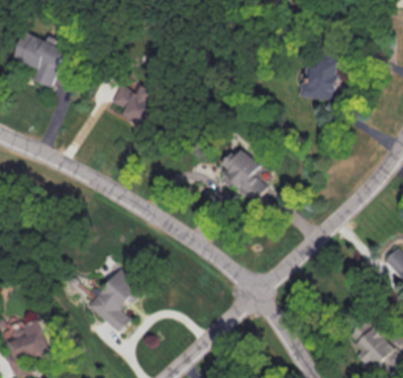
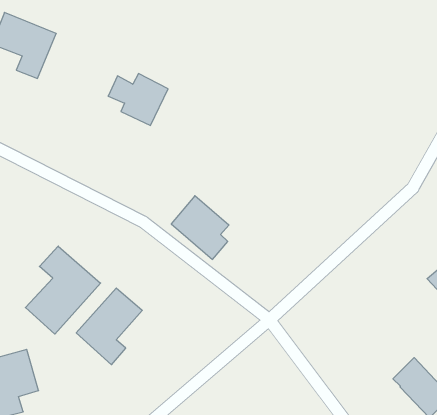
building: [299,57,339,101] -> none
building: [216,148,266,202] -> [171,196,229,259]
building: none -> [25,246,101,334]

